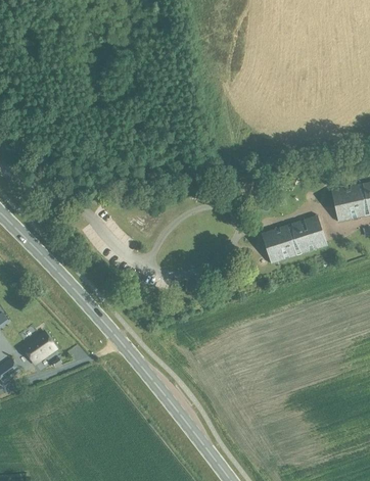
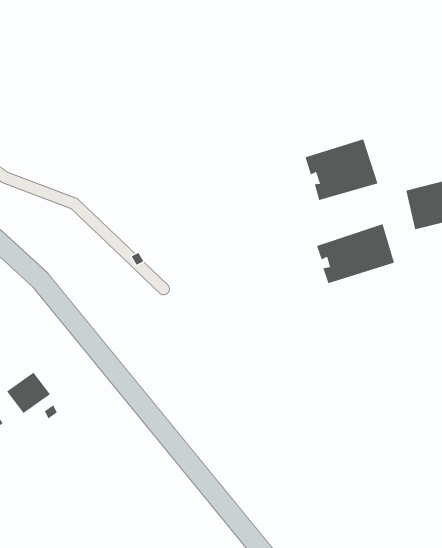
building: none -> [305,138,378,201]

